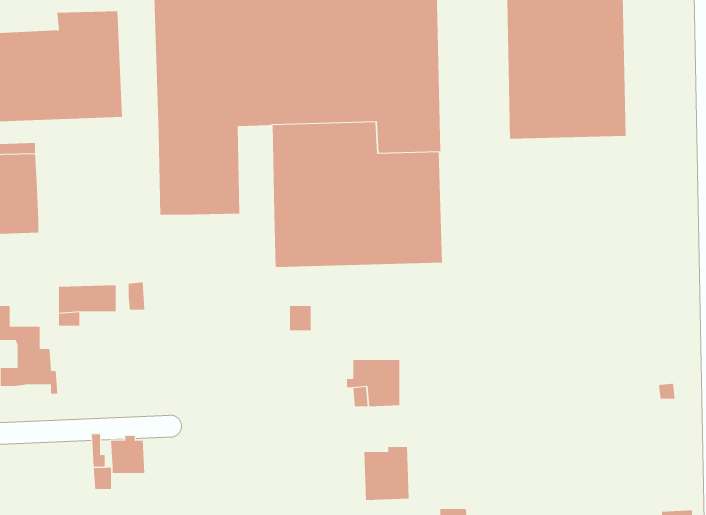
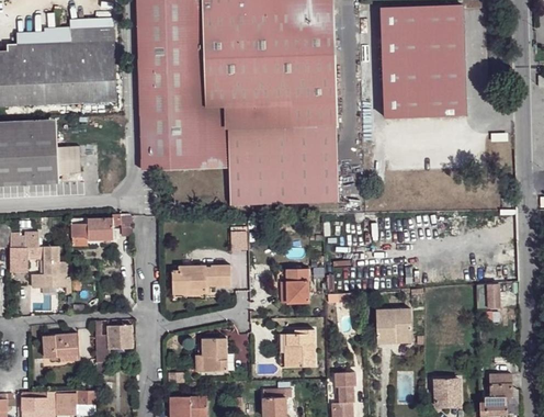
building: none -> [196,106,220,168]
building: none -> [57,146,80,172]
building: none -> [171,264,230,300]
building: none -> [377,311,412,345]
building: none -> [43,333,78,357]
building: none -> [202,338,226,371]

